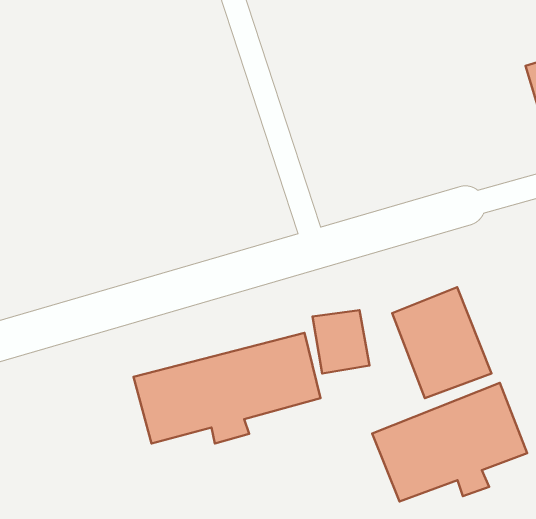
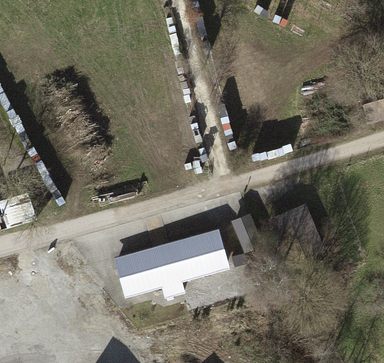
building: [372,383,527,502] -> none

